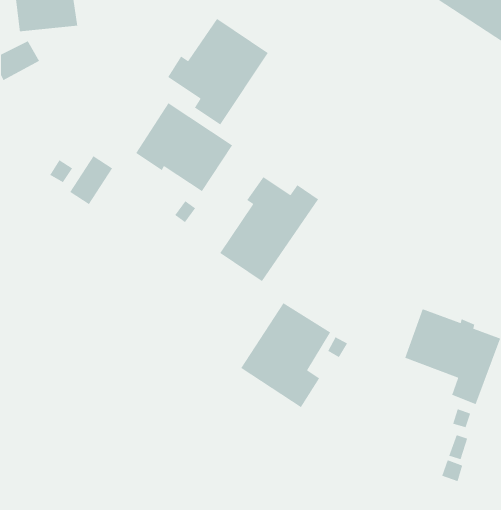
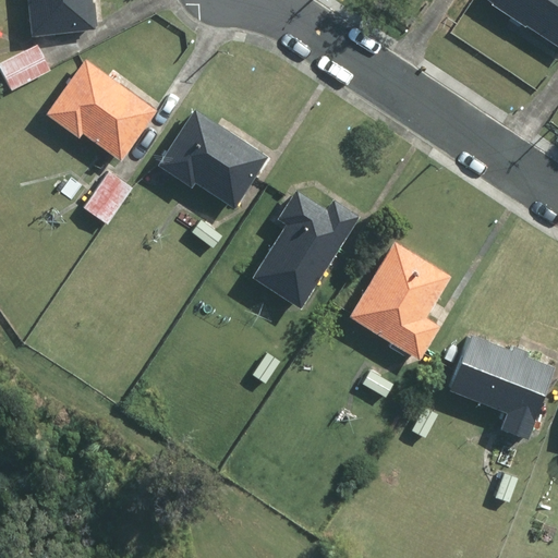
building: [167,18,269,126] -> none
building: none -> [48,60,155,159]
building: [240,302,331,408] -> [350,244,449,360]

